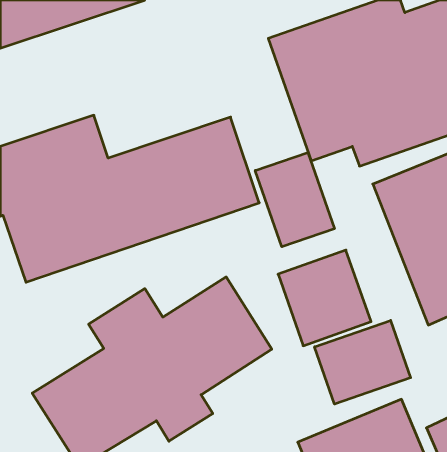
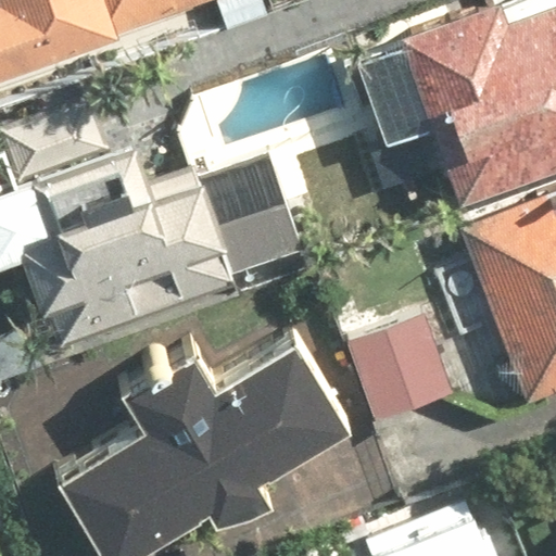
building: [255,152,334,247] -> none
building: [315,320,411,404] -> none

